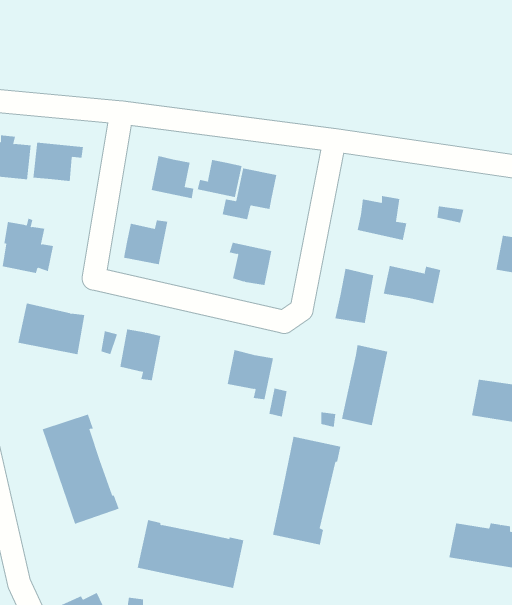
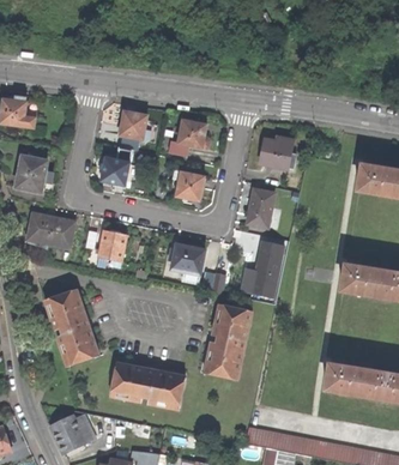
building: [33,142,84,182] -> none
building: [197,159,242,198] -> none
building: [383,265,441,304] -> none

